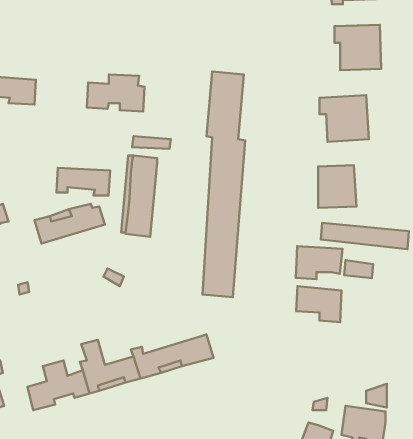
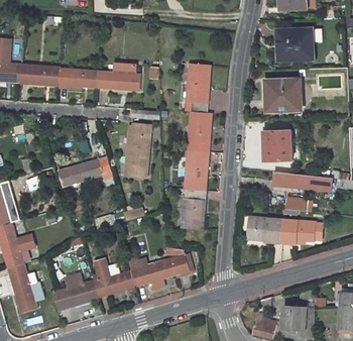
building: [56,168,110,195] -> [58,67,98,87]
building: [296,246,343,279] -> [282,221,317,245]

